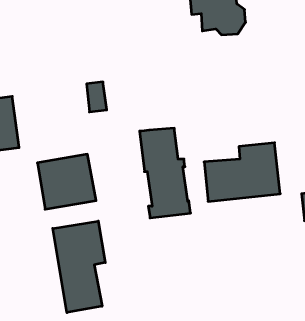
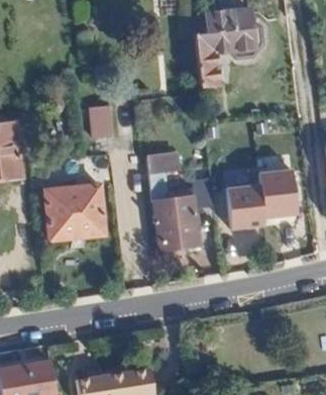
building: none -> [192,33,218,86]
building: [53,221,105,313] -> none

